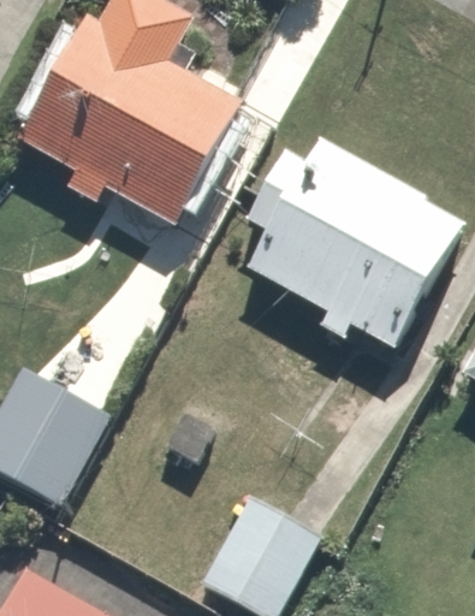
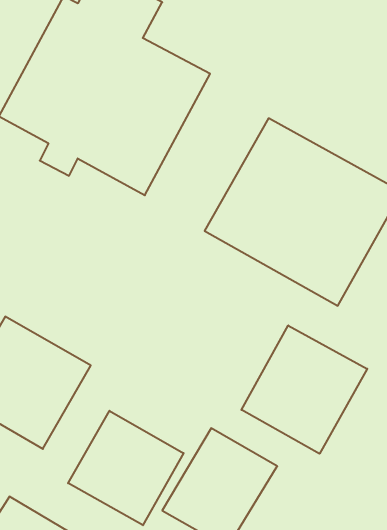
building: none -> [241,325,367,454]
building: none -> [68,411,184,525]

